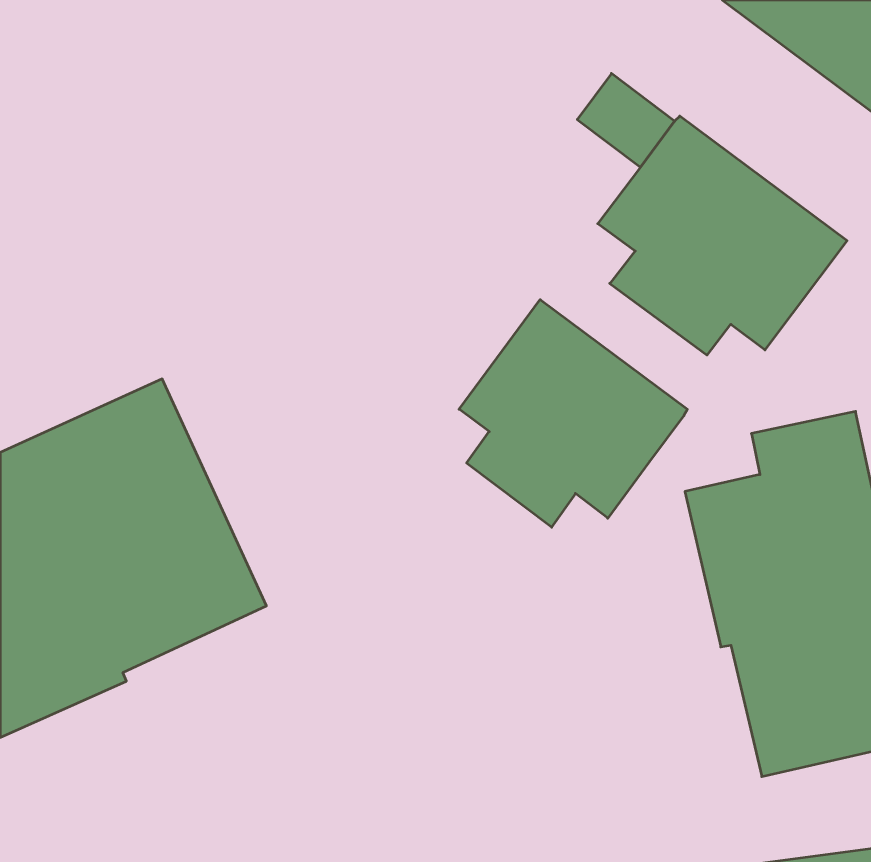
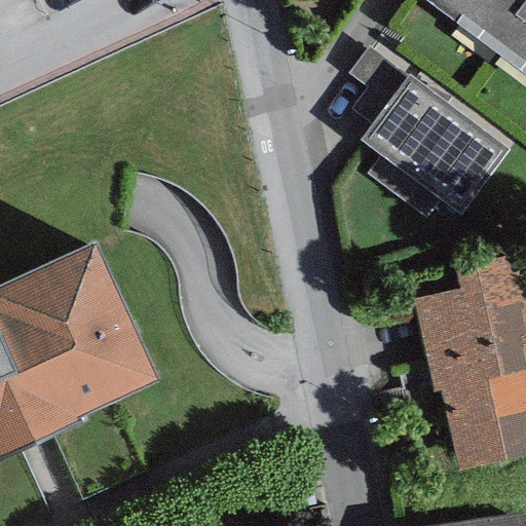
building: [459,300,687,527] -> none

